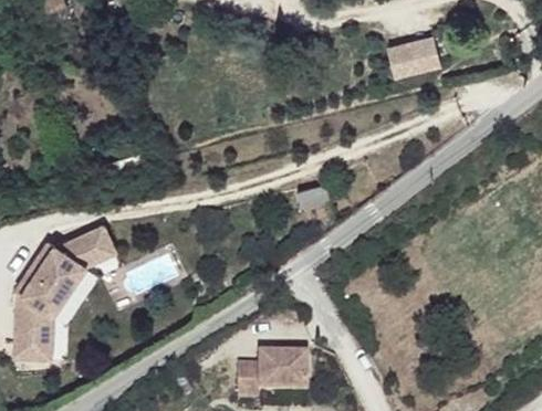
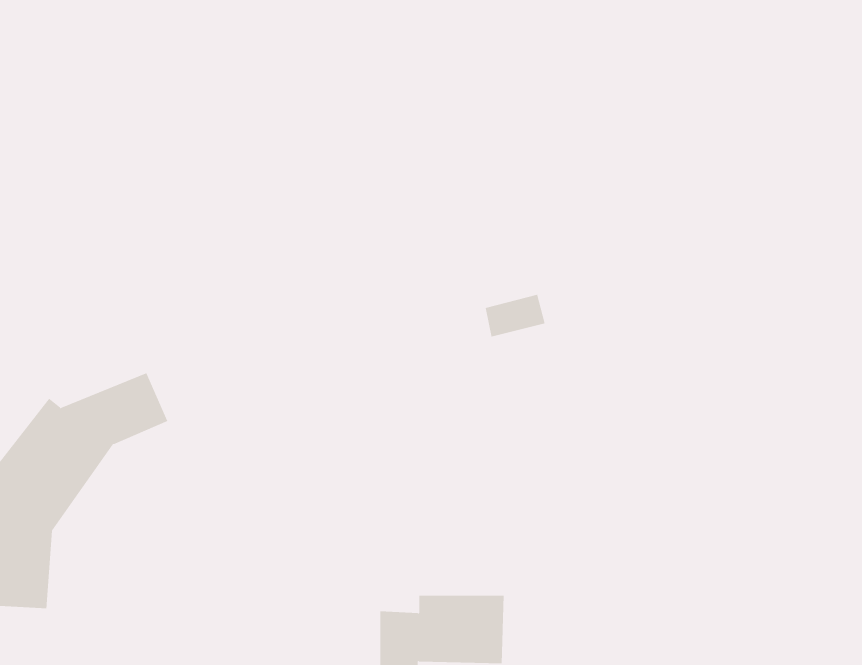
building: [387,36,440,76] -> none

